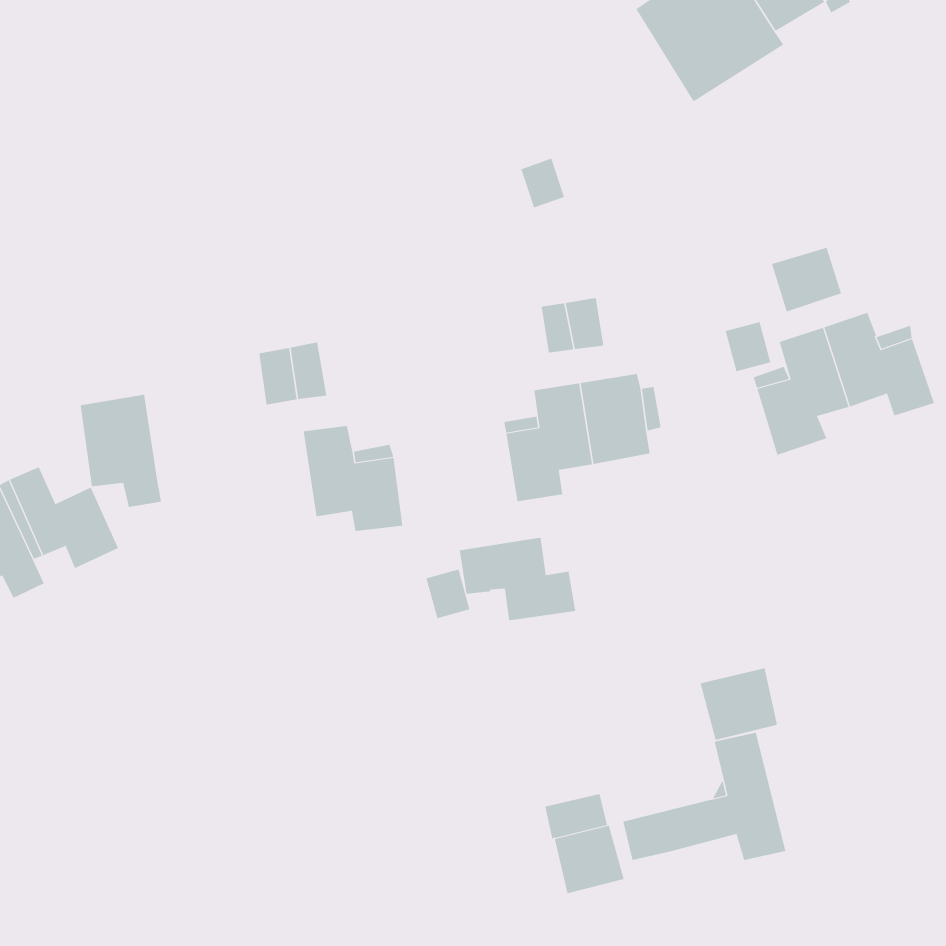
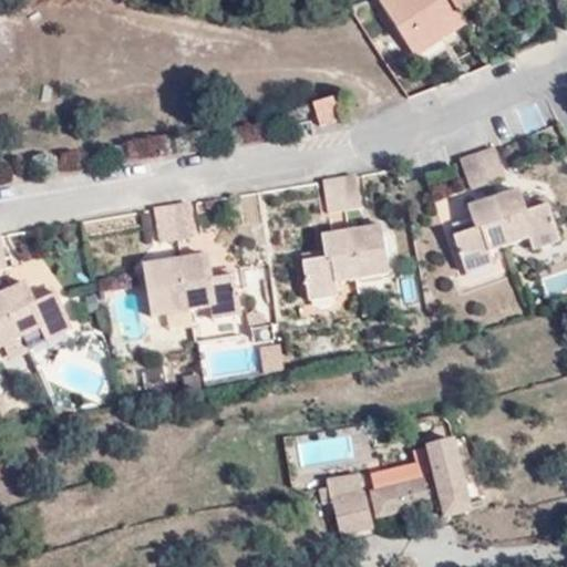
building: [80,394,162,507] -> [142,257,190,324]
building: [459,537,576,621] -> none
building: [700,667,777,741] -> none

